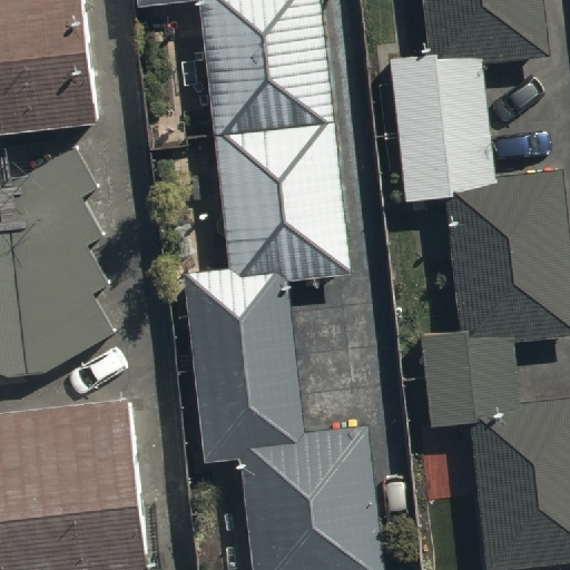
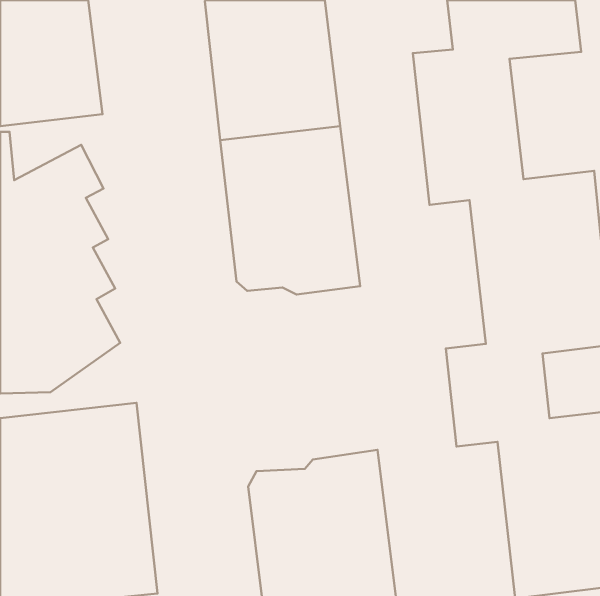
building: [180,272,297,466] -> none

